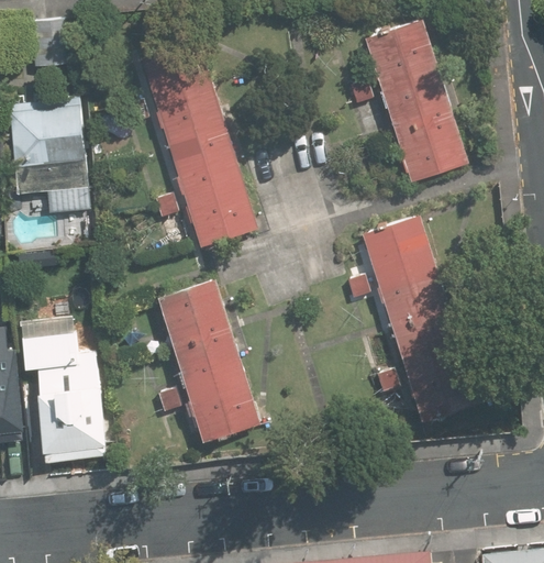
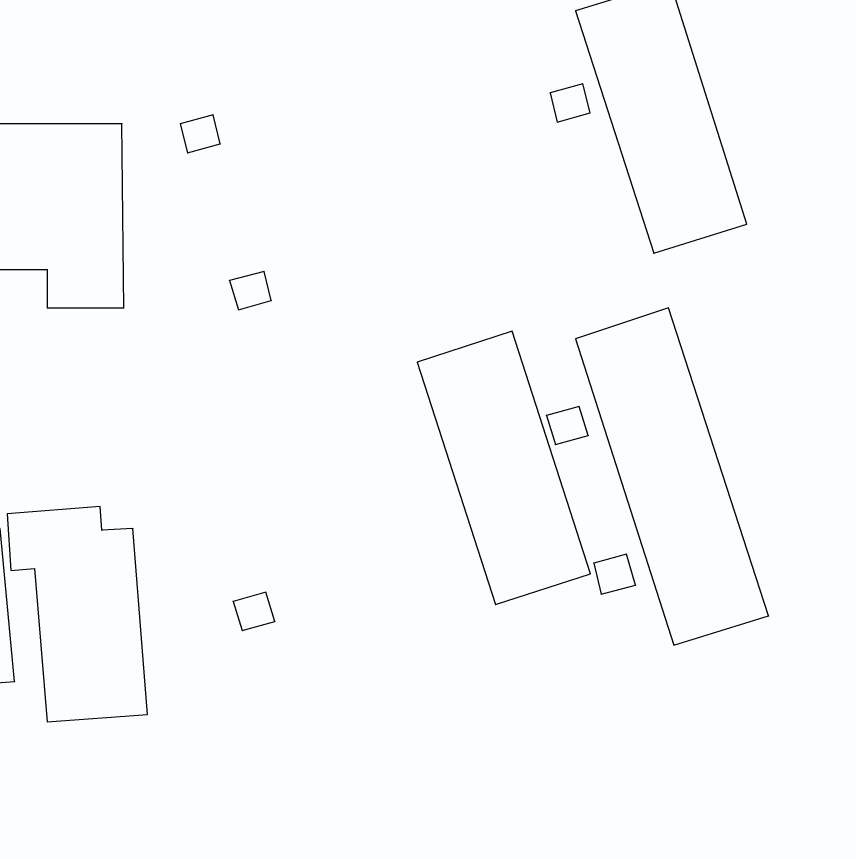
building: [140,42,255,245] -> none
building: [157,276,262,441] -> [417,331,590,605]

